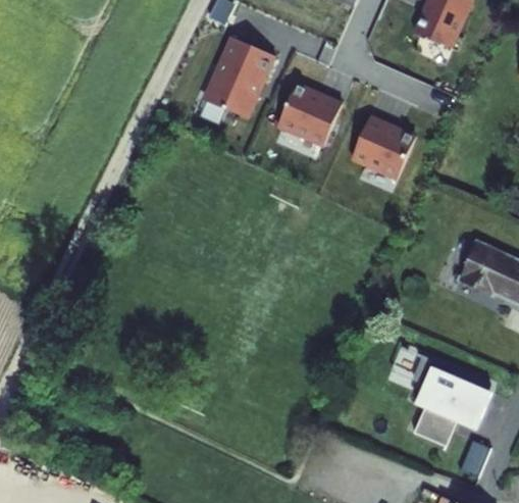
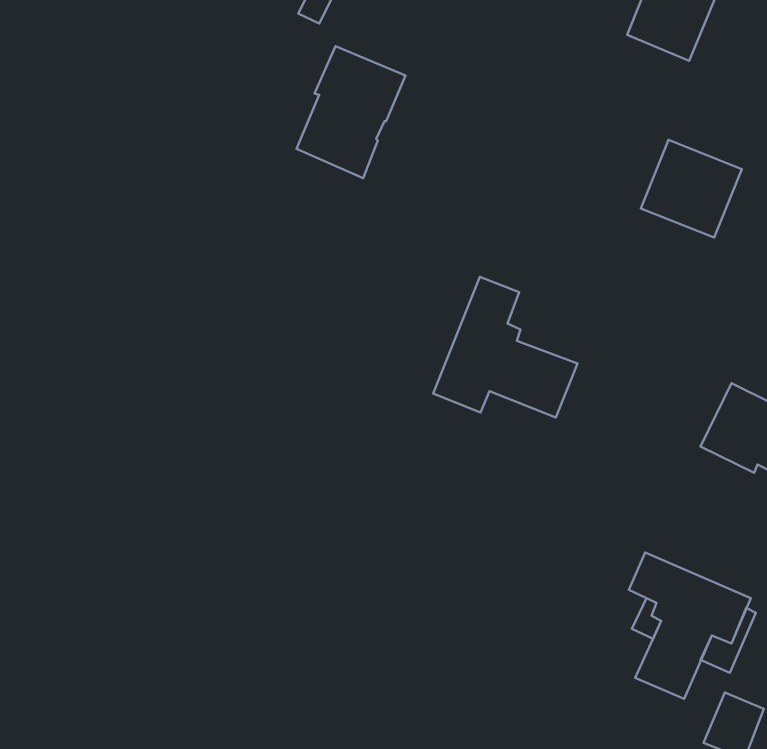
building: [276,84,340,145] -> none
building: [351,115,414,177] -> [641,140,742,238]
building: none -> [433,277,577,418]

